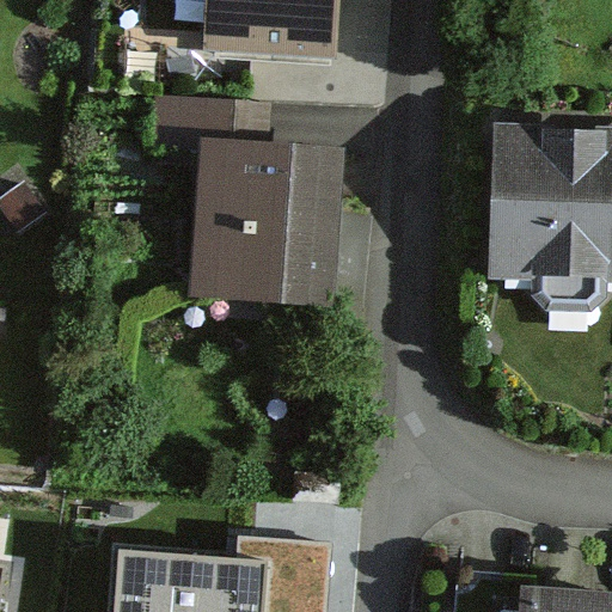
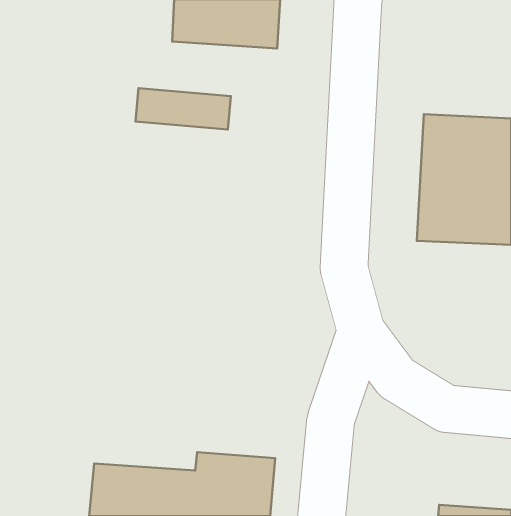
building: [192,158,342,311] -> none

